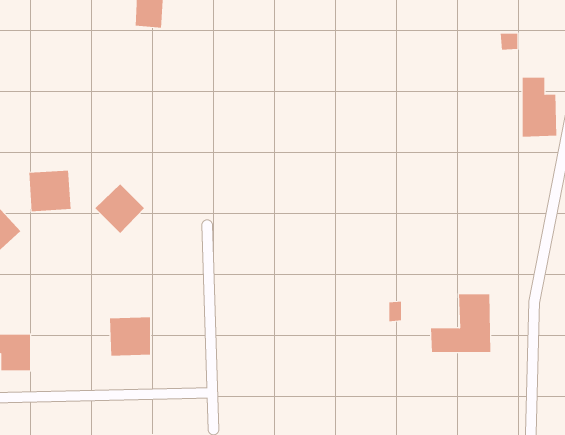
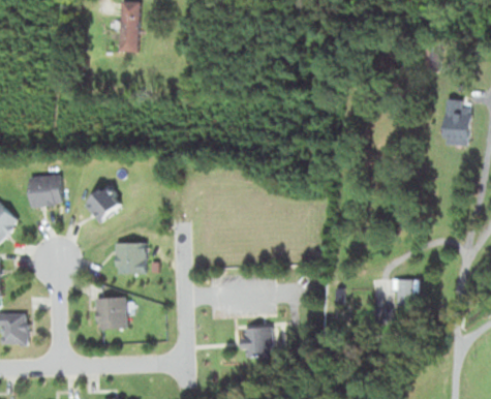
building: none -> [114,244,148,273]
building: none -> [239,327,275,357]

